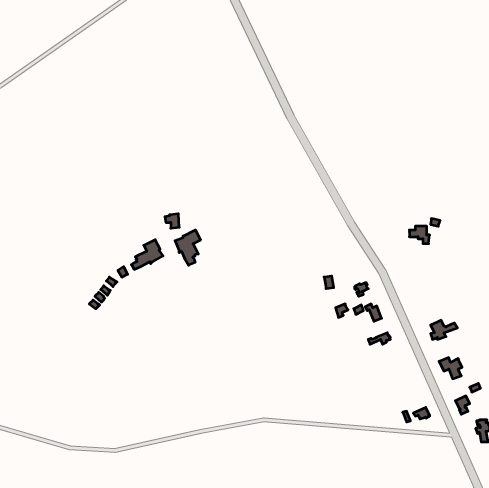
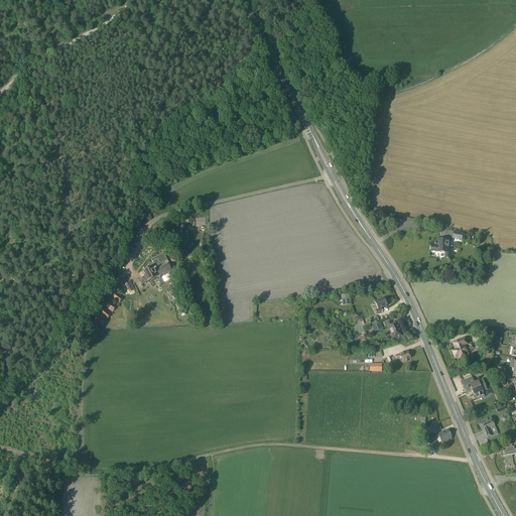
building: [175,230,200,265] -> none

